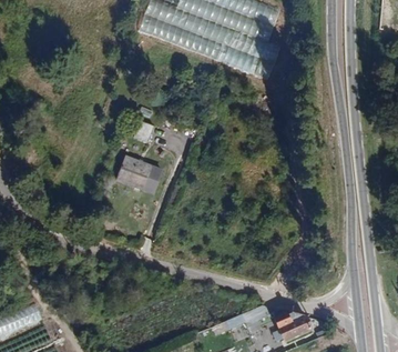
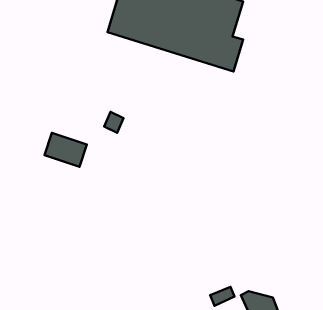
building: [116,160,161,195] -> [44,133,87,167]

